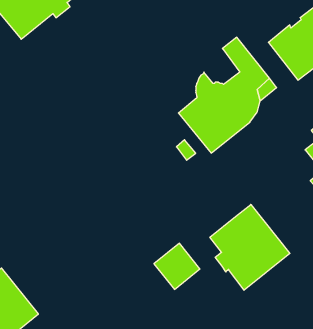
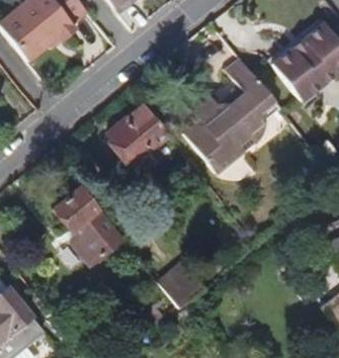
building: none -> [106,103,168,163]
building: none -> [53,187,122,266]
building: [210,204,290,290] -> none

